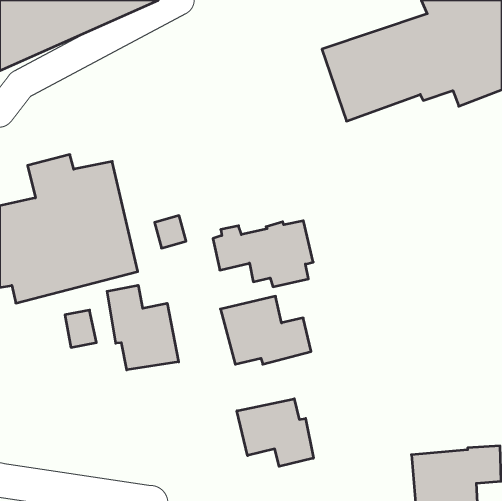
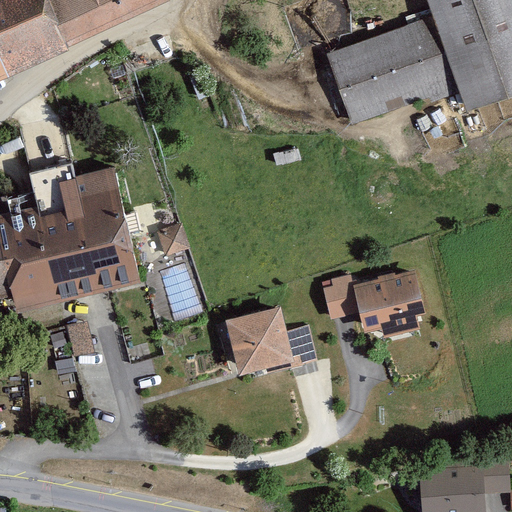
building: [213,221,313,287] -> [323,270,425,337]
building: [107,285,179,370] -> none
building: [237,399,313,466] -> none

